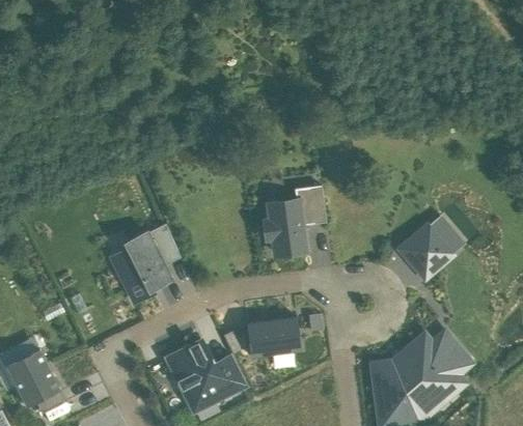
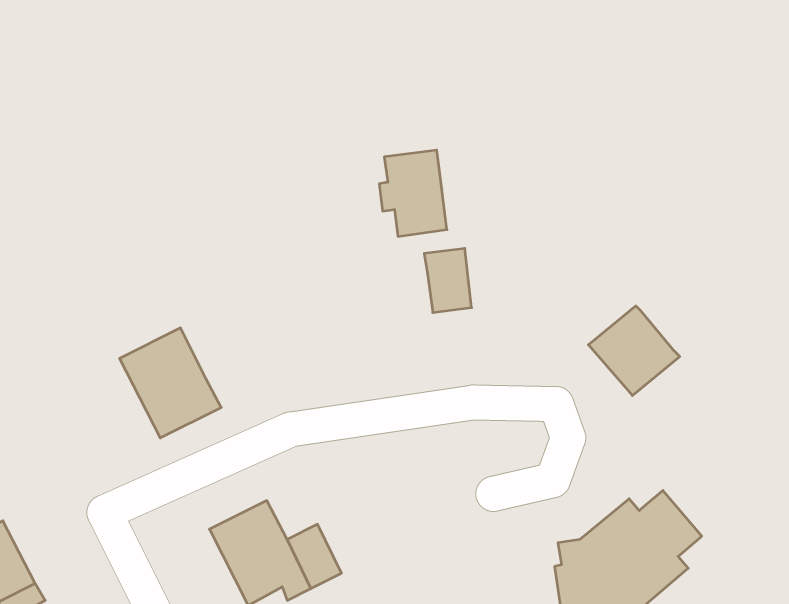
building: [264,202,305,255] -> [379,150,447,236]
building: [430,214,463,249] -> none
building: [147,227,180,266] -> none
building: [246,317,299,358] -> none

